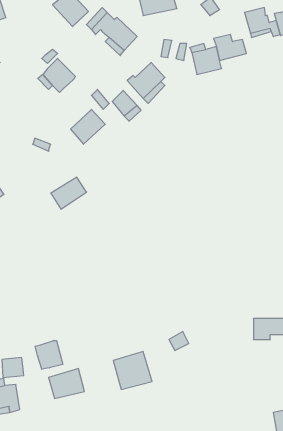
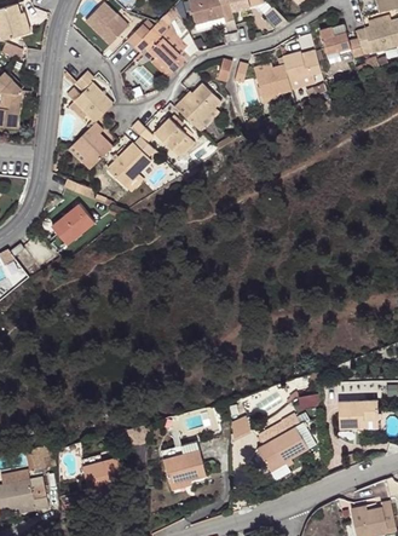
building: none -> [74,122,111,169]
building: [51,177,87,209] -> [47,202,91,241]
building: [35,340,63,369] -> none
building: none -> [256,425,307,469]

